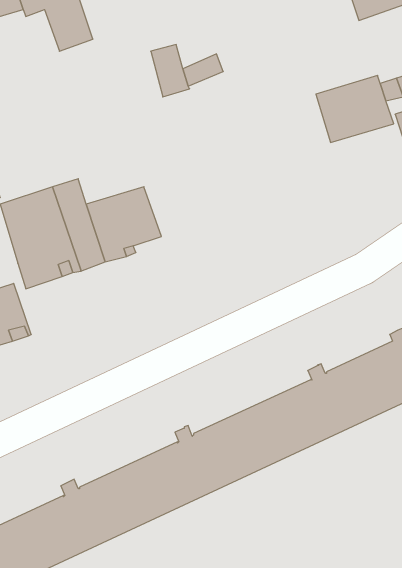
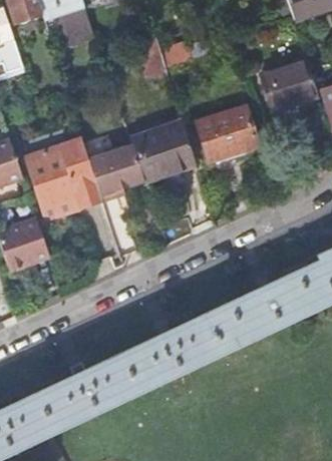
building: none -> [195,105,258,160]
building: none -> [131,121,197,181]

